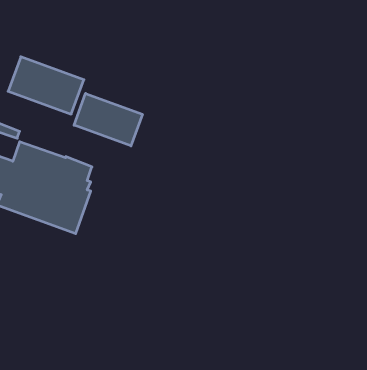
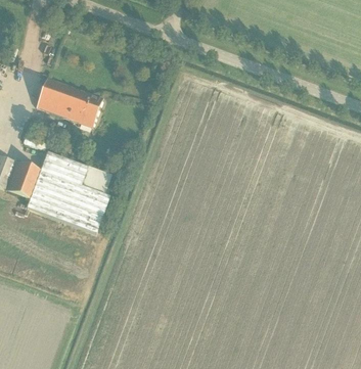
building: [74,93,142,146] -> none

